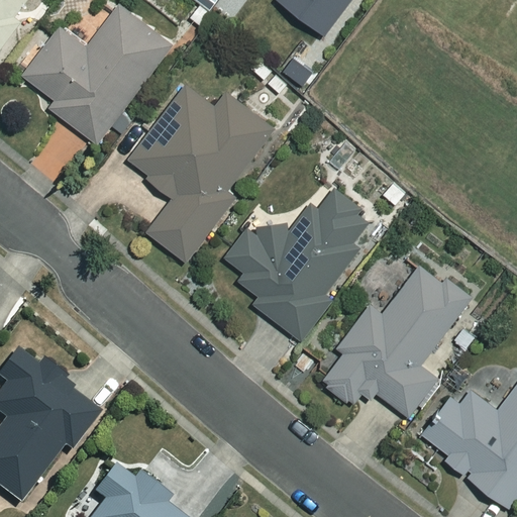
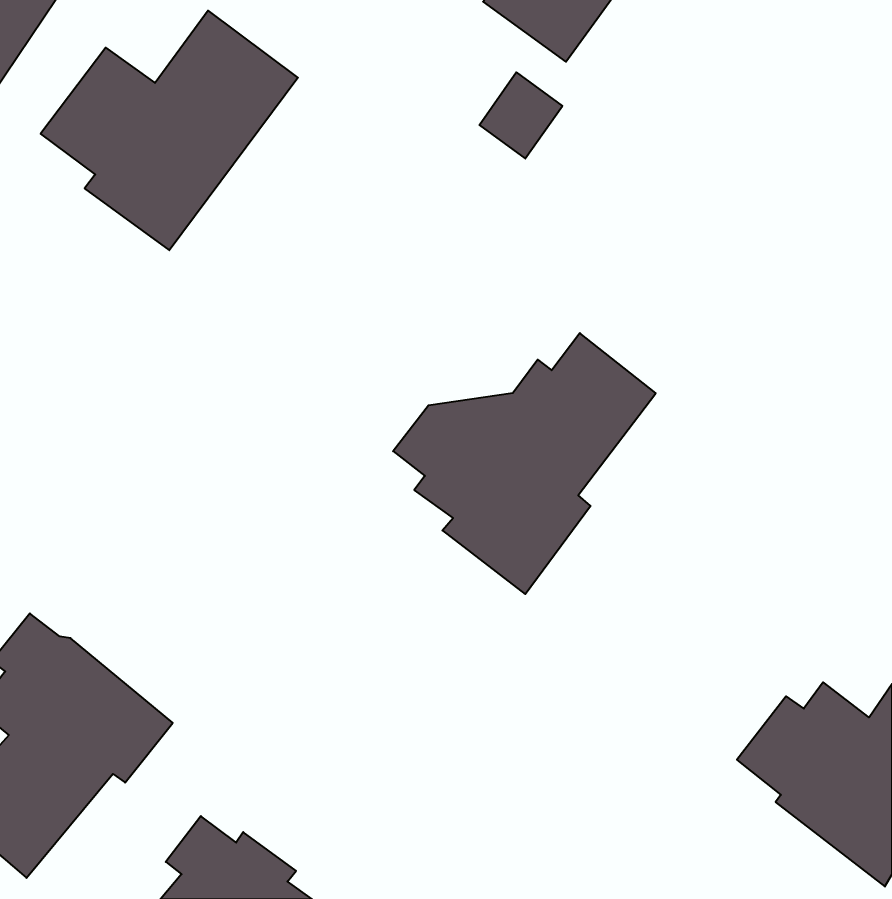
building: [127,86,274,262] -> none
building: [323,268,468,416] -> none

